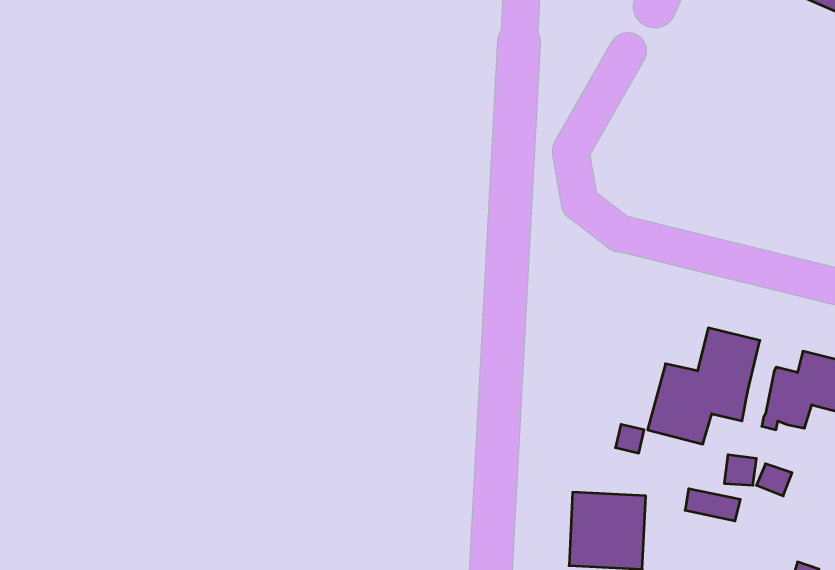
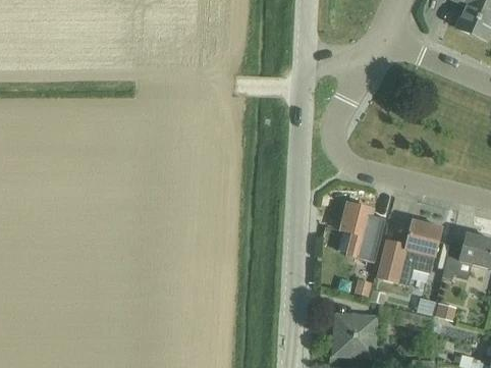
building: none -> [340,204,383,261]

